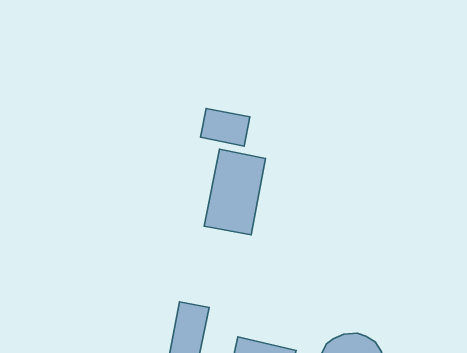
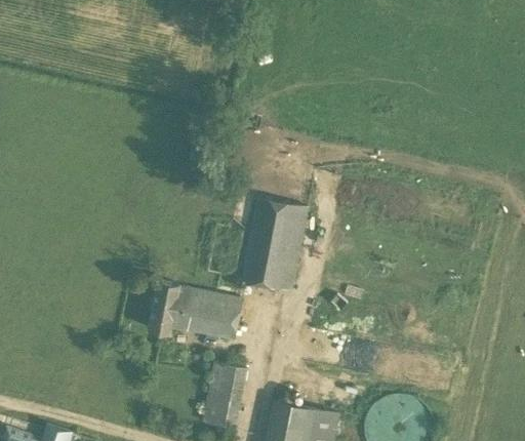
building: [201,109,250,146] -> none
building: none -> [148,280,241,338]

